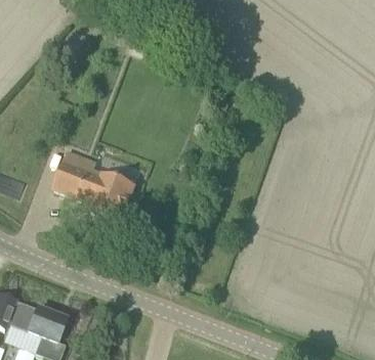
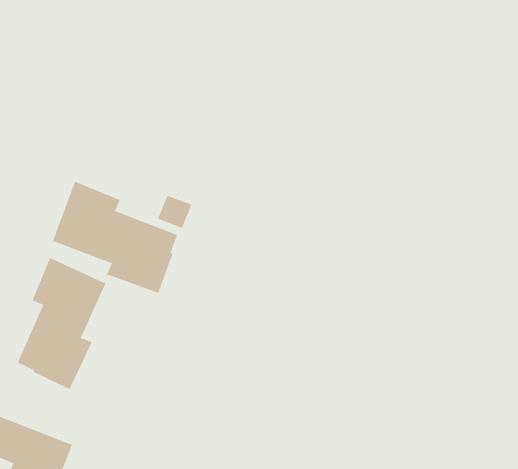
building: none -> [17,257,106,390]

